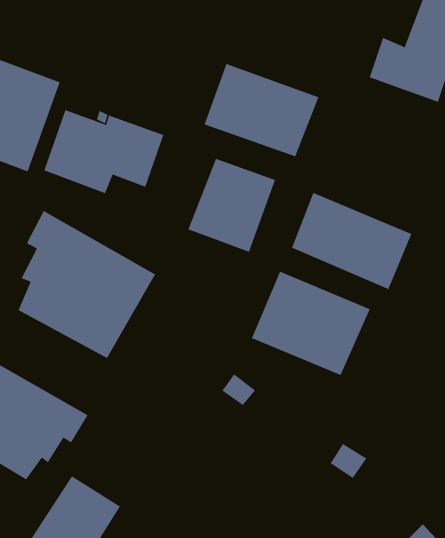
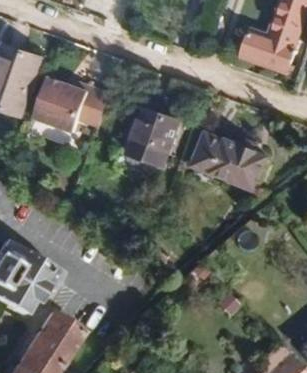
building: [204,63,319,157] -> none
building: [18,210,156,359] -> none
building: [251,271,371,376] -> none

